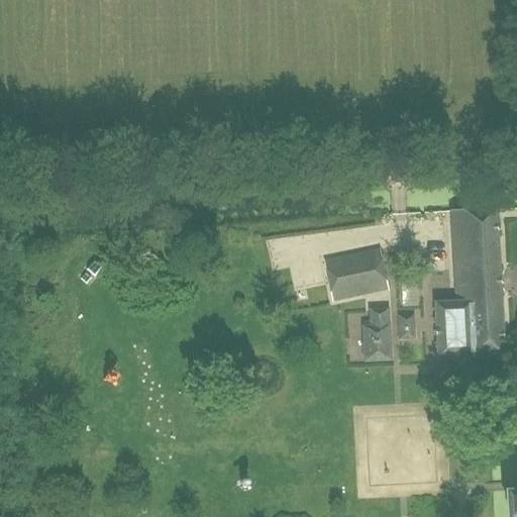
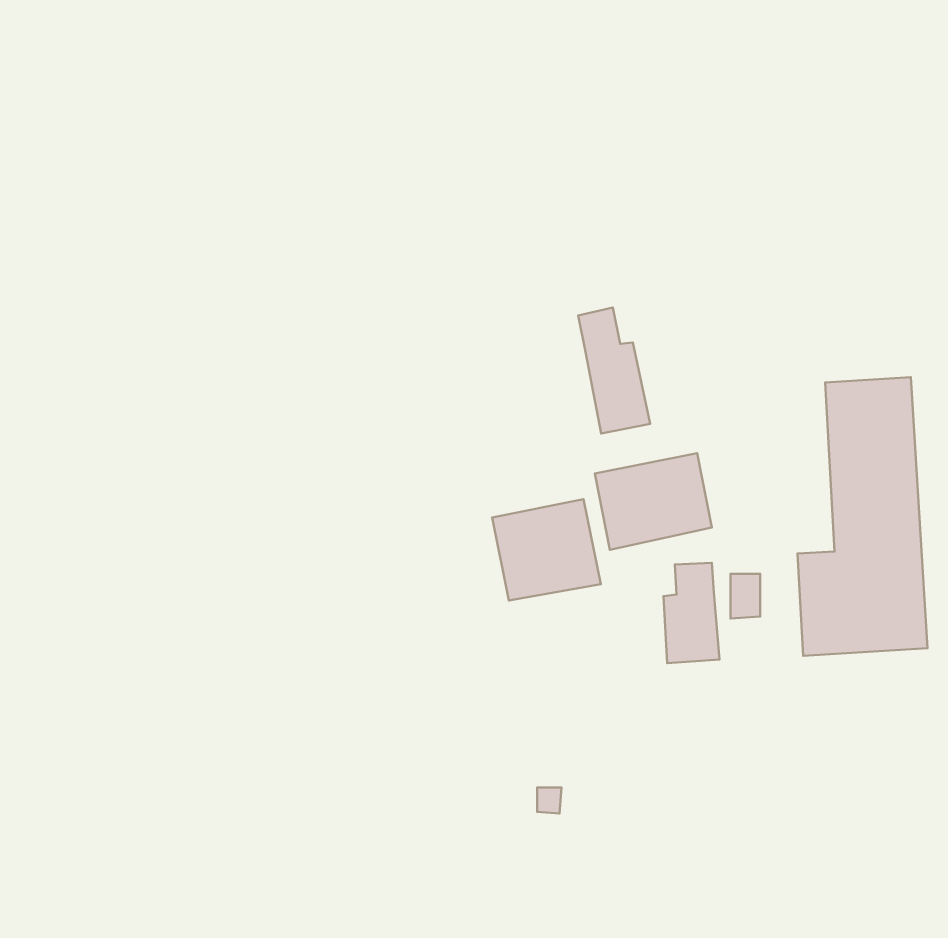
building: none -> [578,308,650,433]
building: none -> [492,499,601,601]

